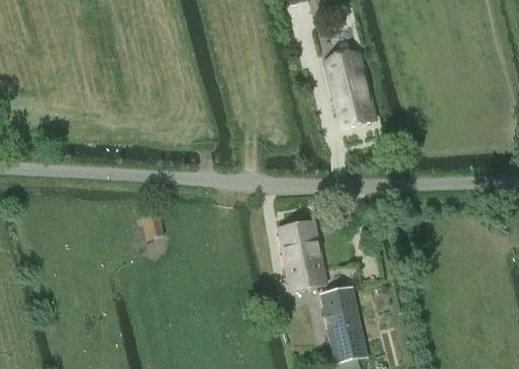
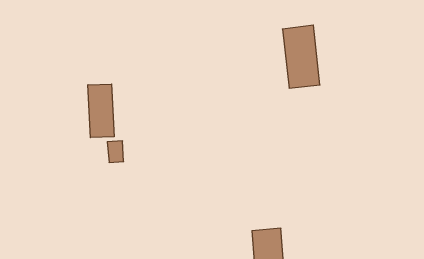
building: none -> [88,84,114,138]
building: [279,220,327,289] -> none

